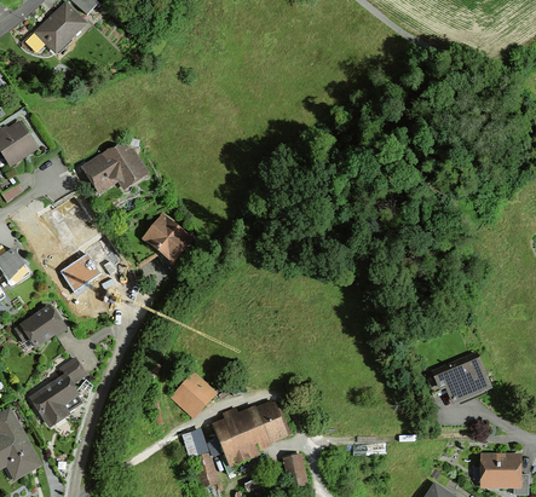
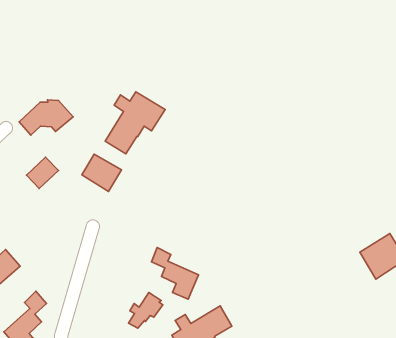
building: none -> [105,92,165,154]
building: [64,253,100,287] -> [26,157,58,189]
building: none -> [151,247,198,299]

